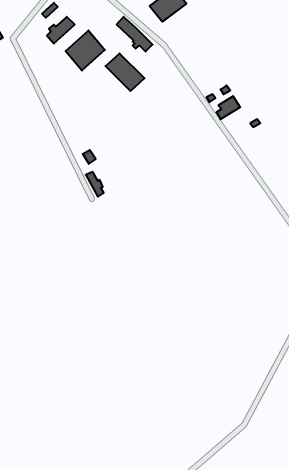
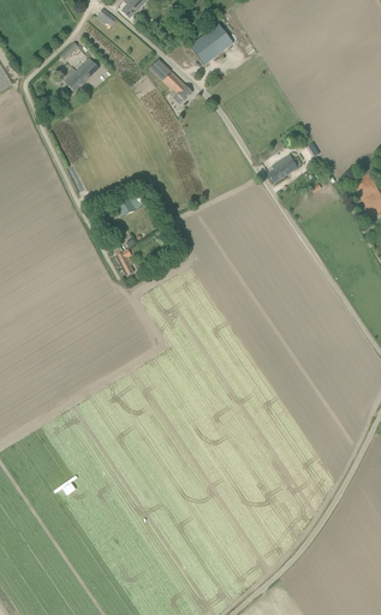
building: [66,30,105,71] -> none
building: [105,53,145,91] -> none

